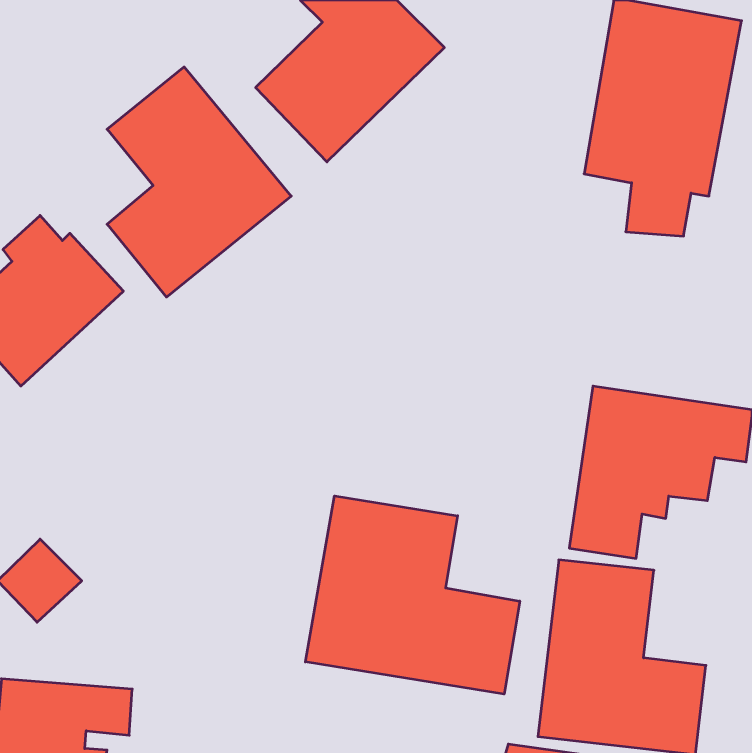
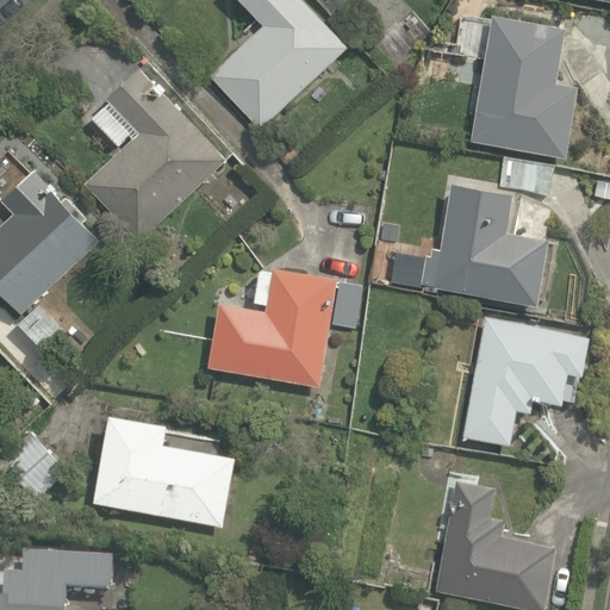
building: none -> [368,183,555,306]
building: none -> [205,264,336,387]
building: [305,496,520,694] -> none
building: none -> [93,415,236,527]

